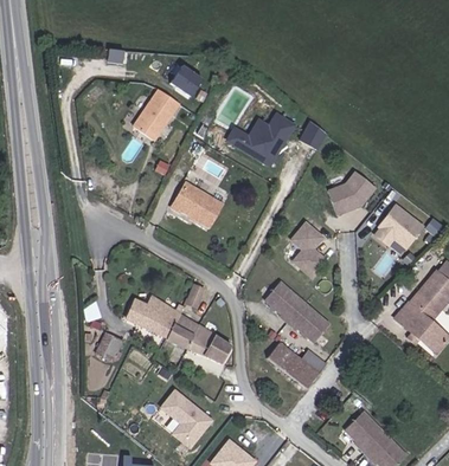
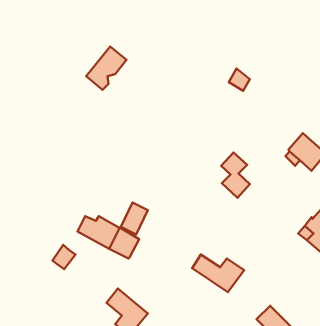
building: [171,65,204,98] -> none
building: [235,111,301,162] -> none
building: [338,164,385,208] -> none
building: [179,187,226,229] -> none
building: [263,283,326,343] -> none
building: [188,326,231,367] -> none

